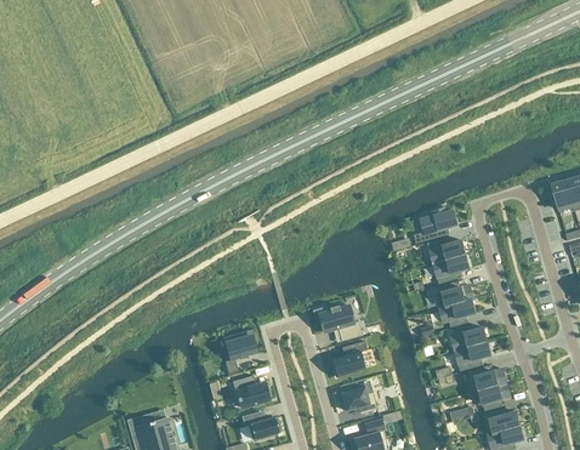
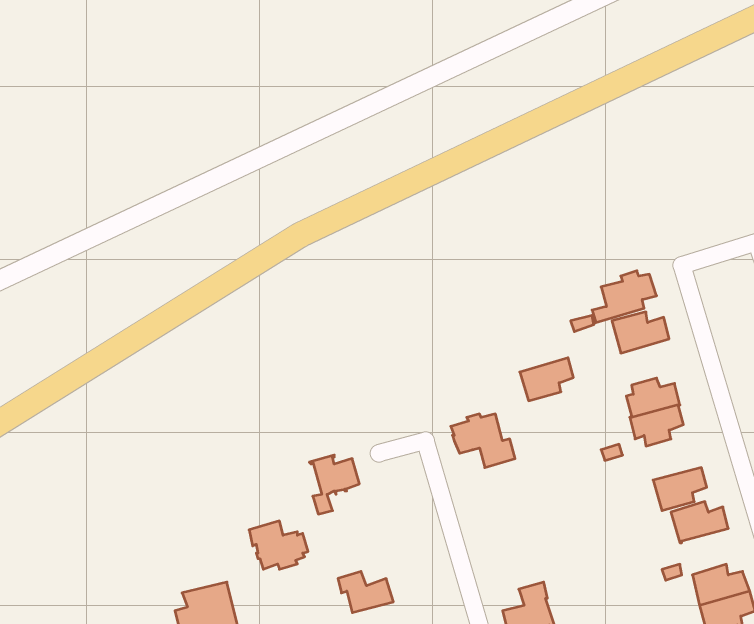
building: [433,254,470,283] -> [520,358,573,401]
building: [451,323,488,349] -> none
building: [331,341,366,376] -> none
building: [232,375,272,408] -> [249,521,308,569]
building: [474,382,510,410] -> none
building: [341,386,376,414] -> none

